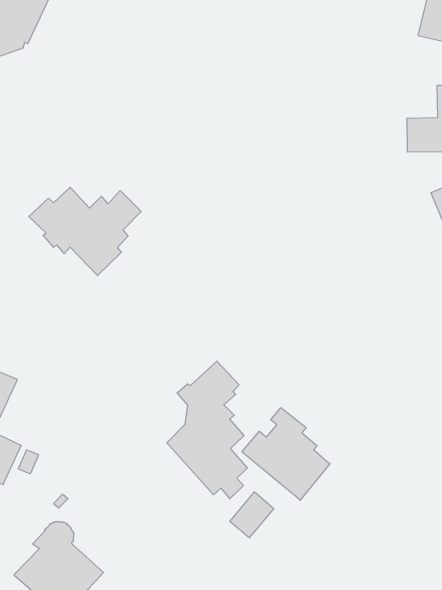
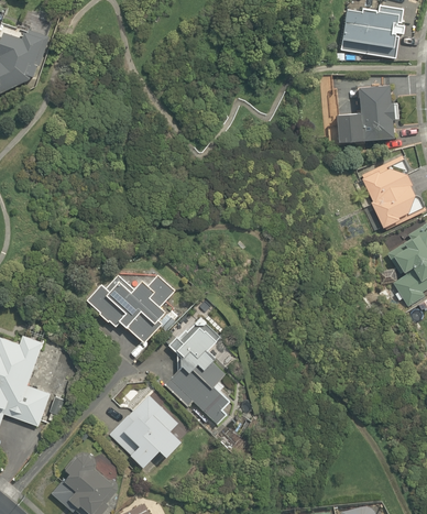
building: [29,187,141,276] -> [86,274,174,342]
building: [242,408,330,500] -> none
building: none -> [109,393,182,467]

